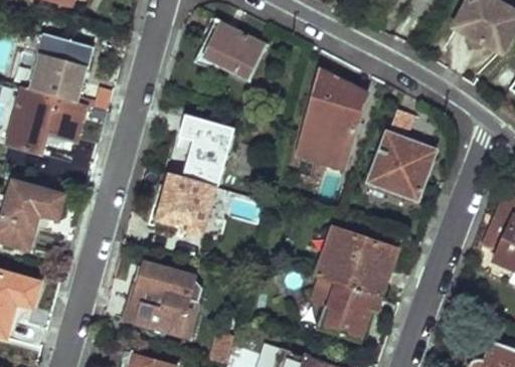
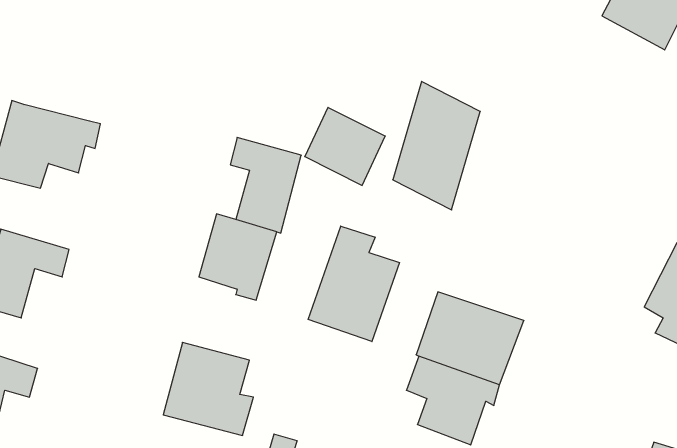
building: [207,25,267,82] -> [305,107,385,185]
building: [28,37,82,103] -> none
building: [369,109,434,197] -> none
building: none -> [308,226,399,342]

